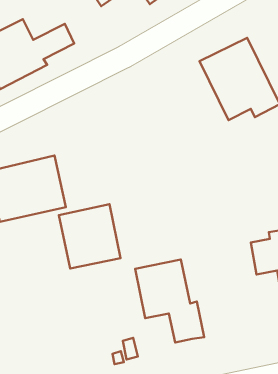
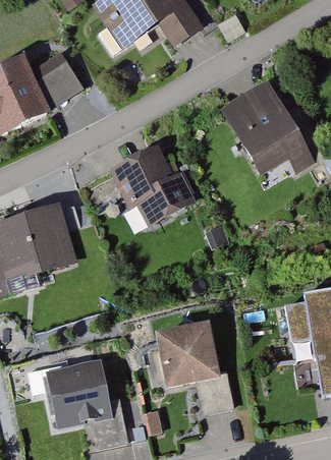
building: none -> [115,146,199,225]
building: [59,204,121,269] -> [41,355,108,425]

